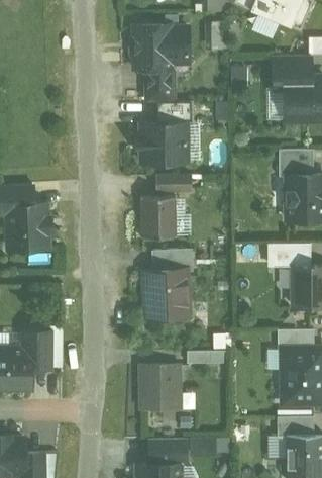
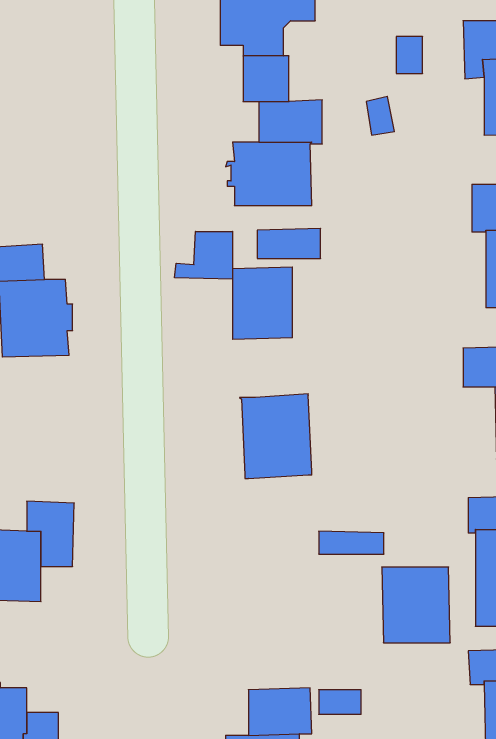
building: none -> [175,231,233,279]
building: [153,251,192,273] -> none
building: [140,367,180,410] -> [382,567,450,643]

